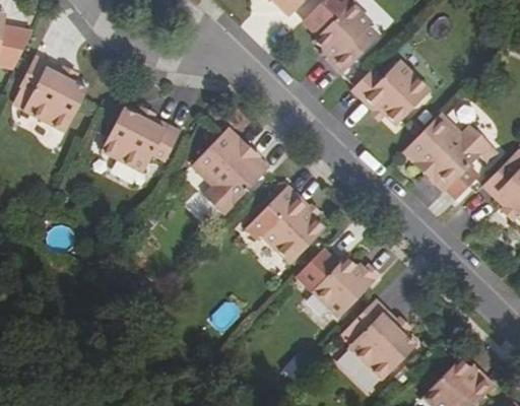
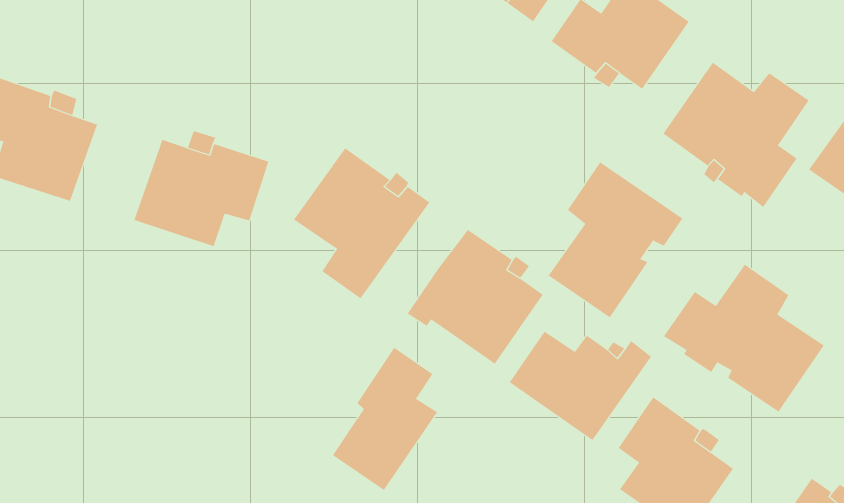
building: none -> [548,162,683,318]
building: none -> [663,264,824,412]
building: none -> [332,347,438,491]

